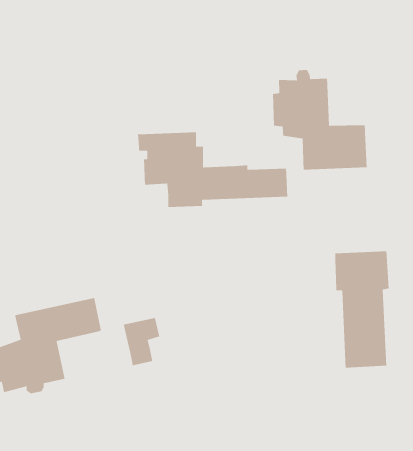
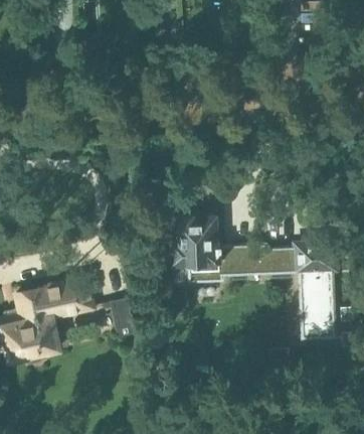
building: [272,69,368,170] -> none
building: [137,132,288,208] -> [162,215,292,281]

